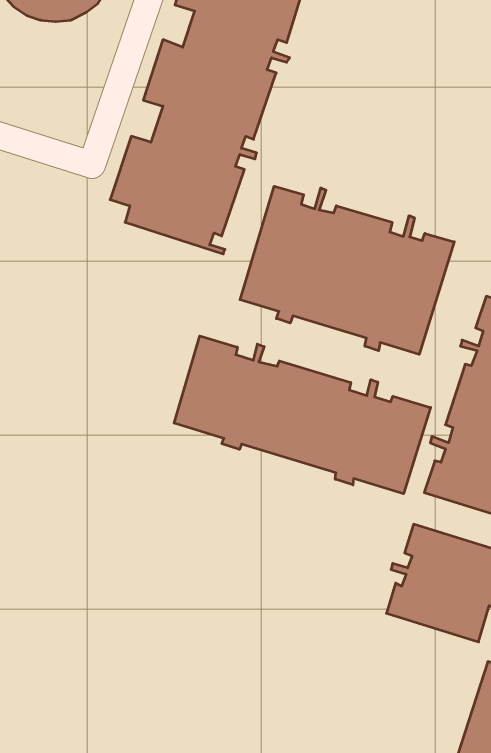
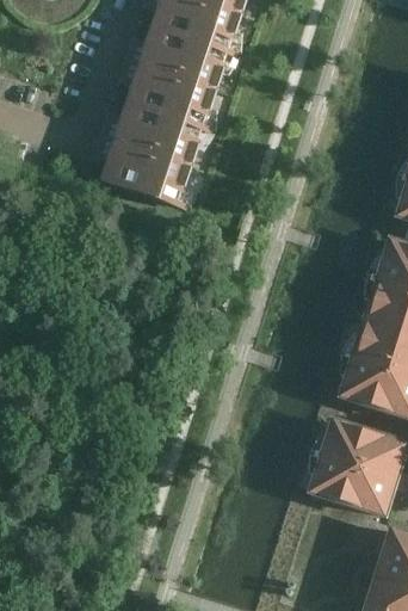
building: [240,186,454,354] -> none
building: [174,336,431,494] -> none

